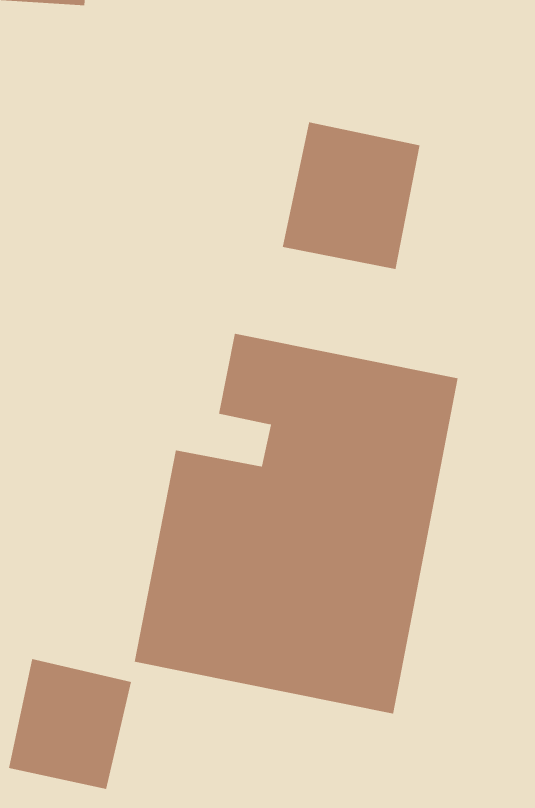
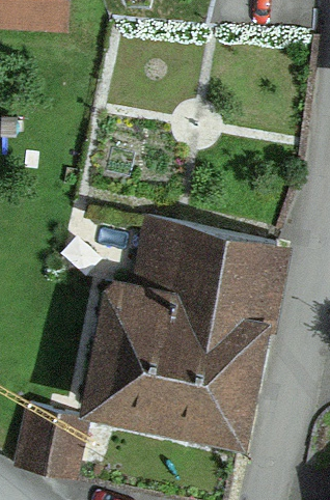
building: [282,121,420,270] -> none

